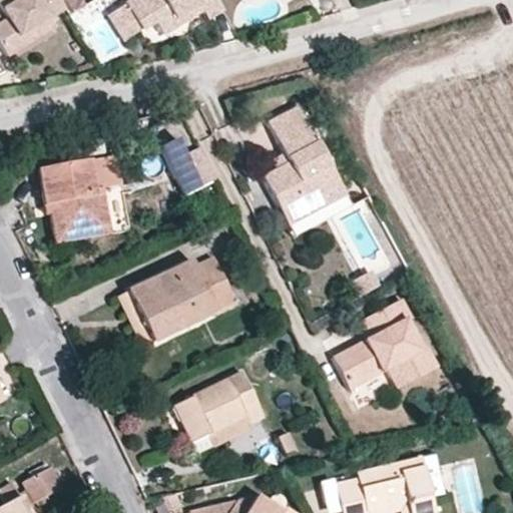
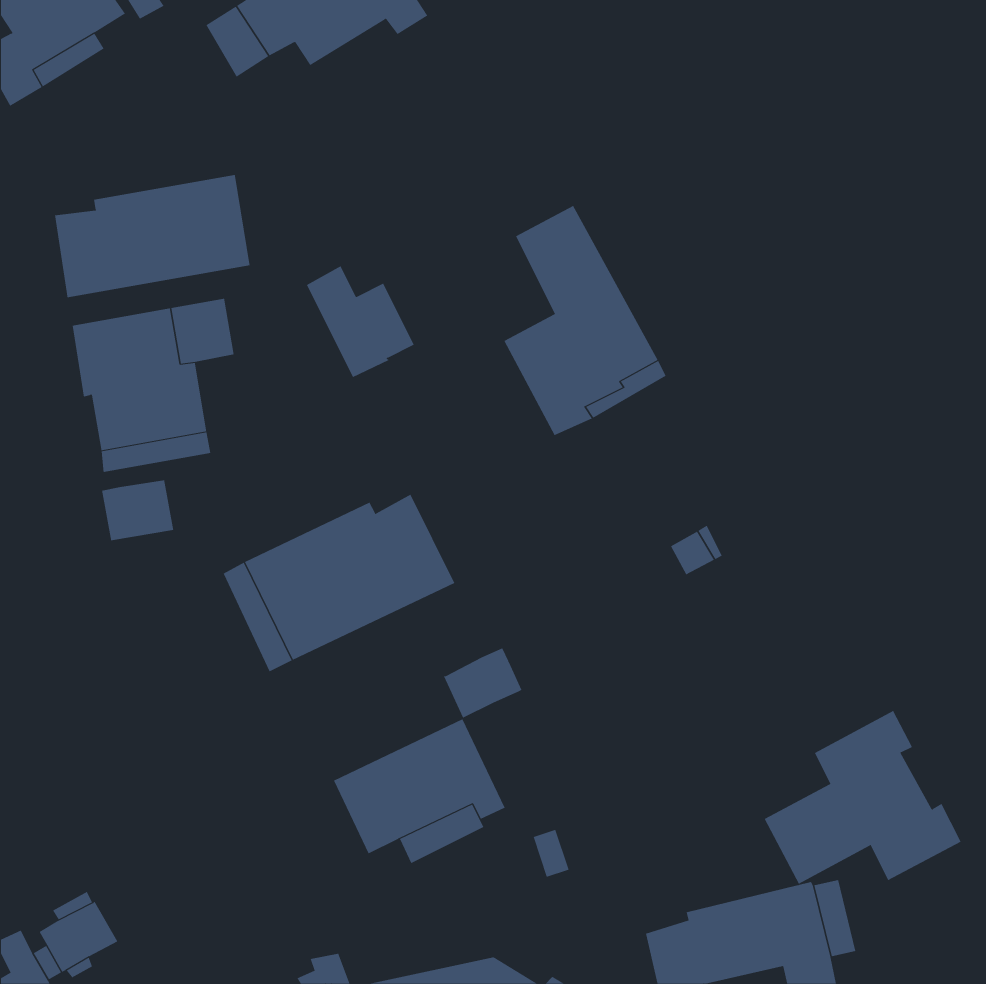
building: none -> [54,174,250,298]
building: none -> [102,479,174,541]
building: [335,299,437,389] -> [764,710,961,885]
building: none -> [443,647,522,719]

